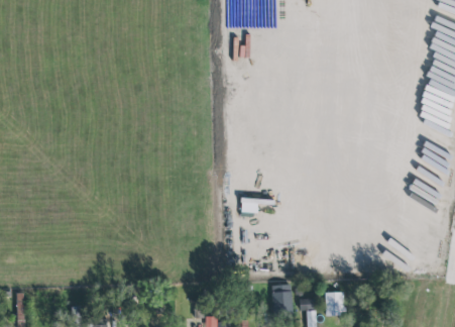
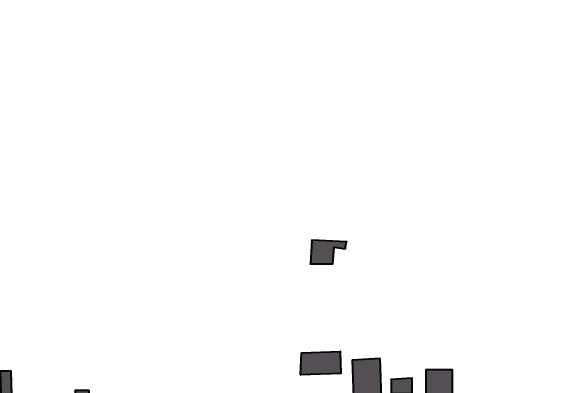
building: none -> [301,351,341,375]

